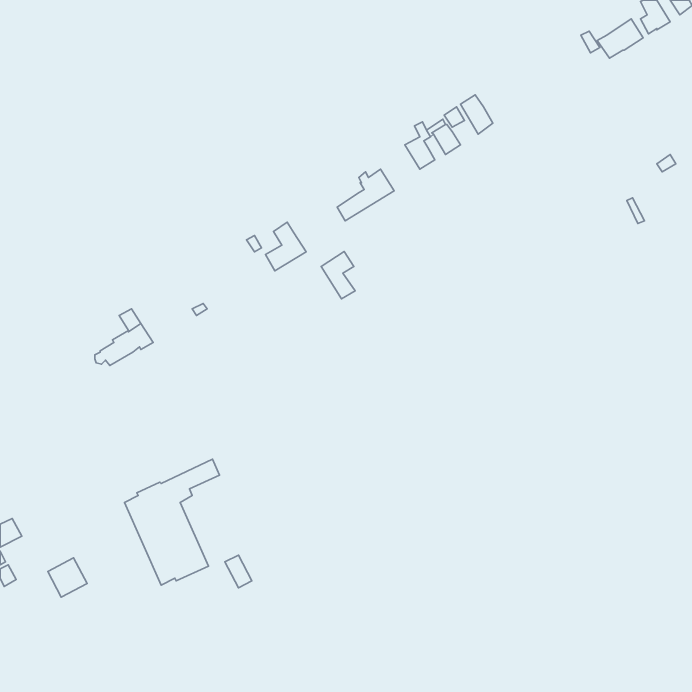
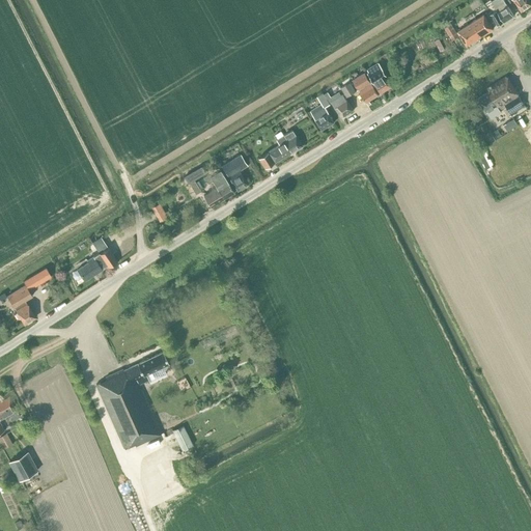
building: none -> [367,62,391,93]
building: none -> [477,76,525,118]
building: [321,251,355,299] -> [222,155,248,191]
building: none -> [6,268,51,325]
building: [48,558,87,597] -> [8,451,38,481]

